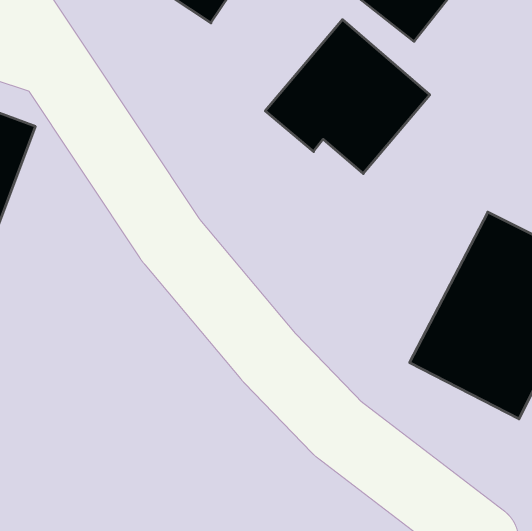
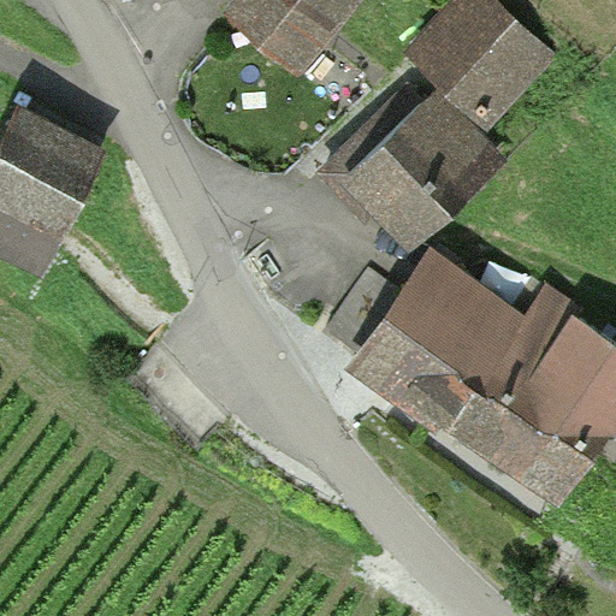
building: none -> [344,250,523,433]

